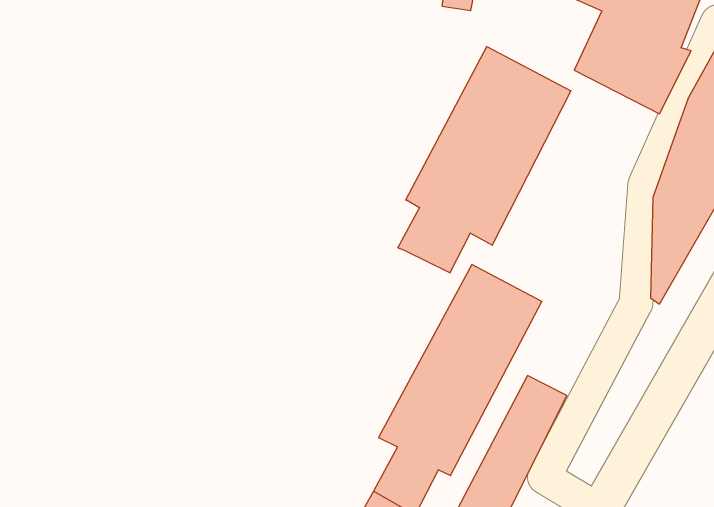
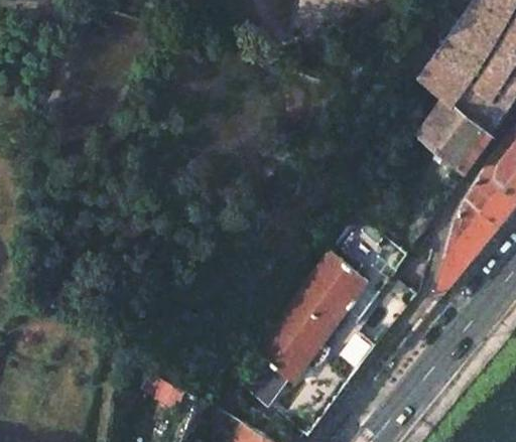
building: [398,47,571,273] -> none

